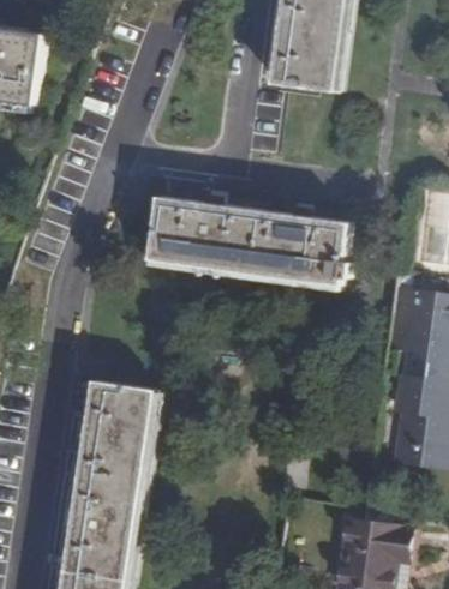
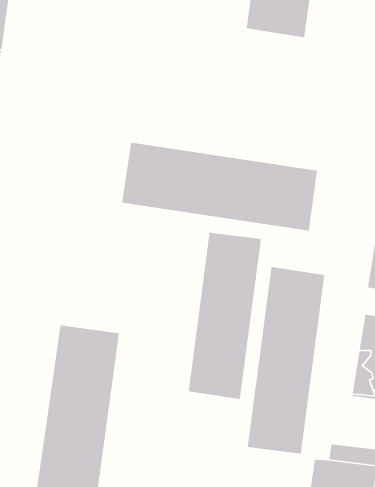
building: none -> [188,232,262,400]
building: none -> [247,266,325,455]

